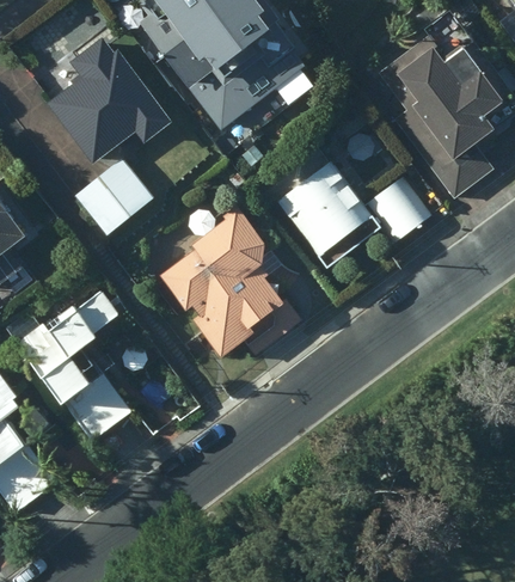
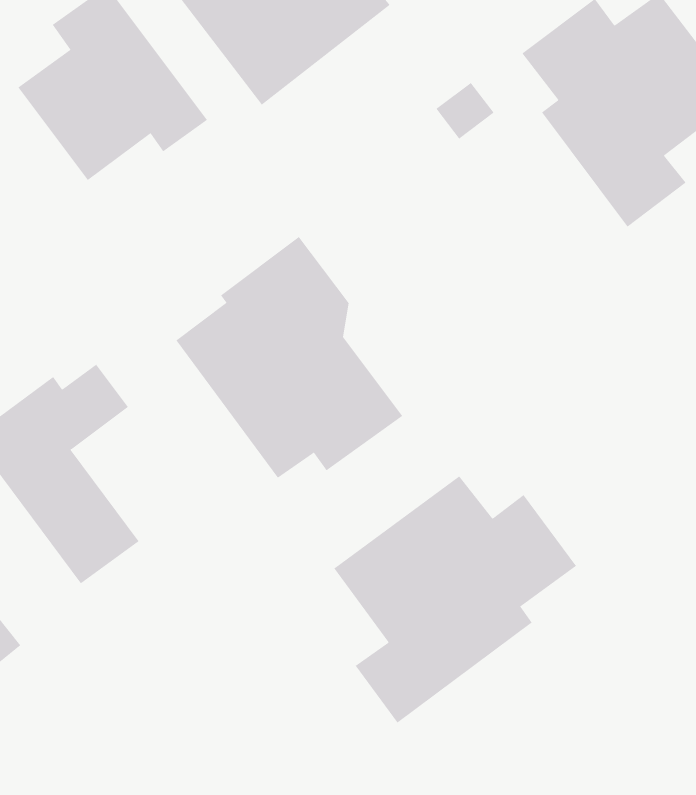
building: [78,163,152,235] -> none
building: [276,164,429,271] -> none
building: none -> [333,476,577,724]

